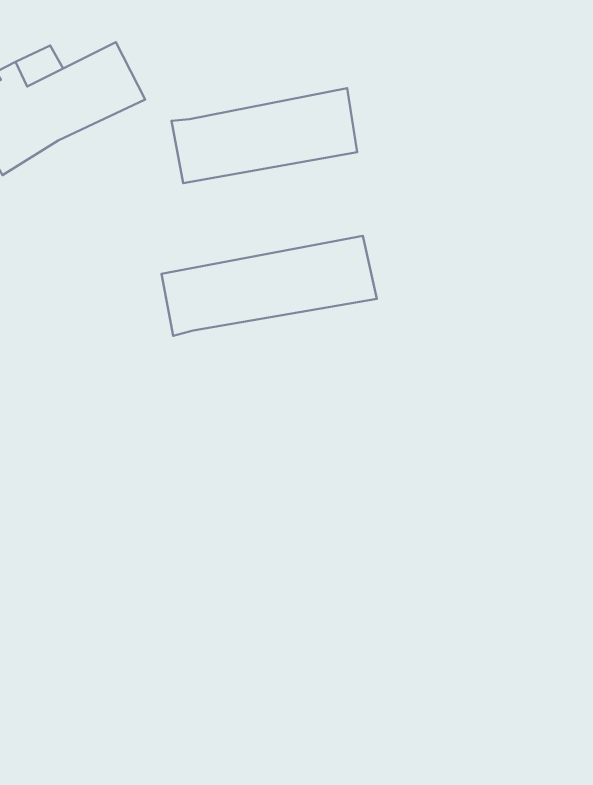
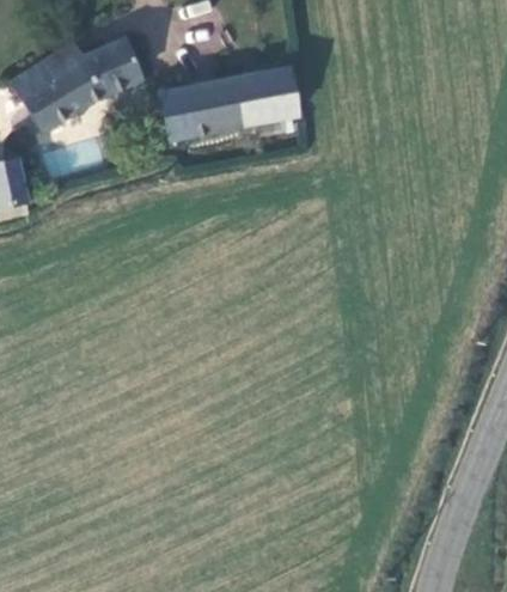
building: [162,236,377,336] -> none

